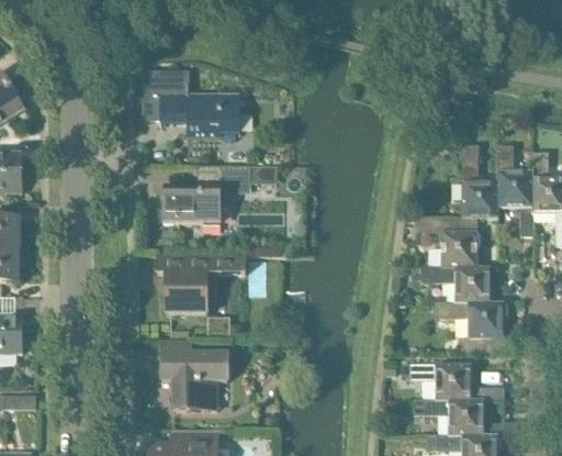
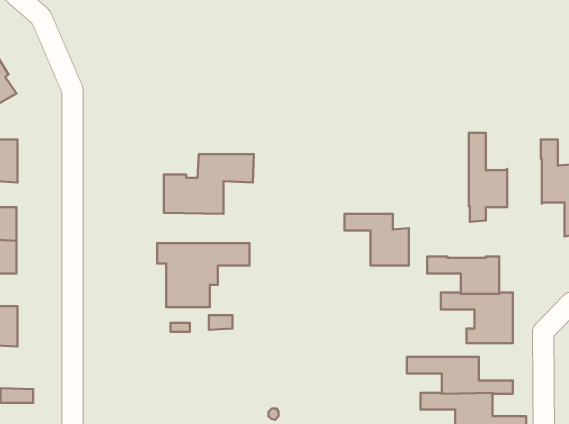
building: [143,73,240,133] -> none
building: [496,145,533,236] -> none
building: [415,216,477,267] -> [345,214,409,265]
building: [161,342,227,410] -> none

